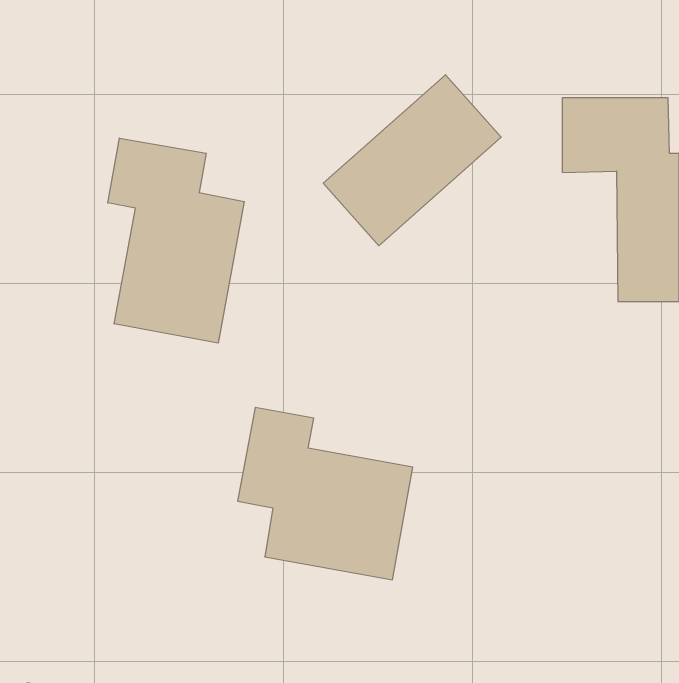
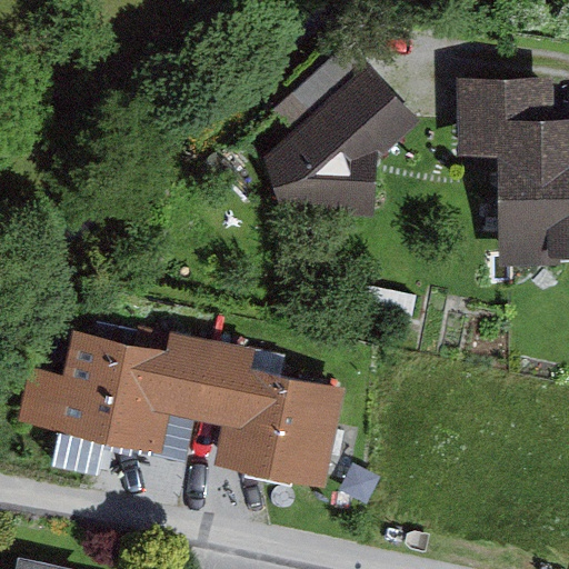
building: [108,138,244,343] -> none
building: none -> [60,333,209,452]

